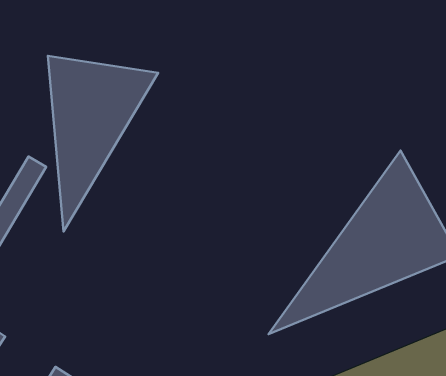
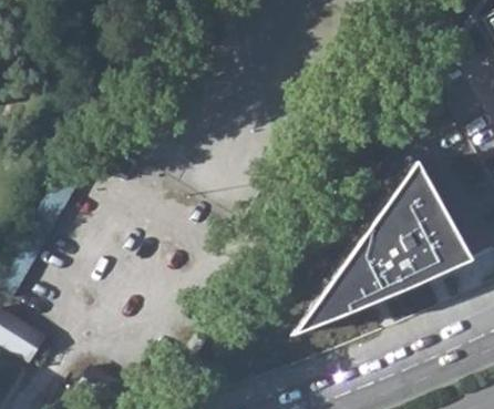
building: [48,56,158,232] -> none

